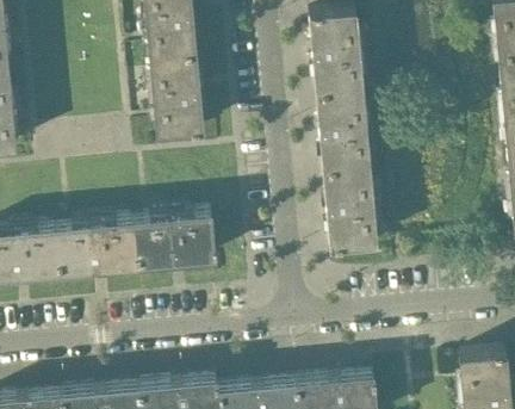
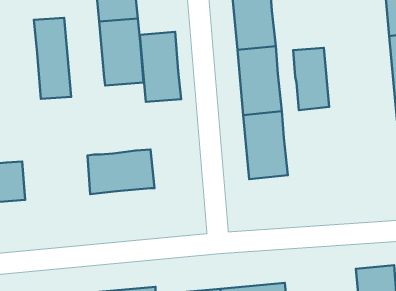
building: none -> [34,18,71,99]
building: none -> [140,32,181,102]
building: none -> [293,48,329,110]
building: [57,221,139,274] -> none

